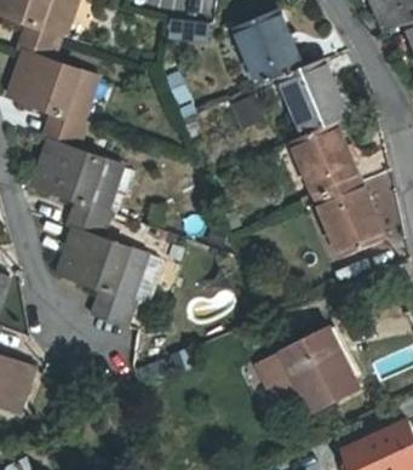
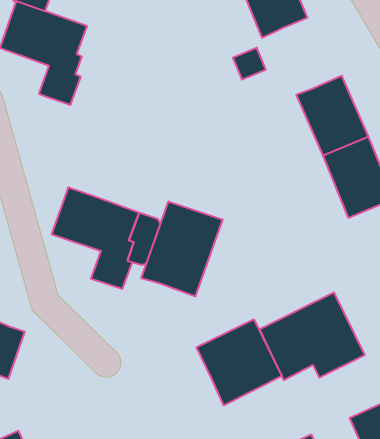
building: [279,58,346,136] -> none
building: [31,141,115,239] -> none
building: none -> [141,201,223,296]
building: none -> [197,319,282,405]

